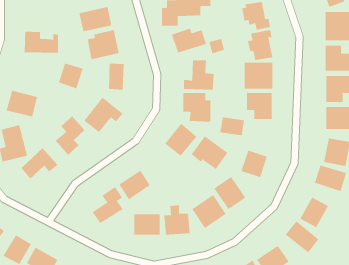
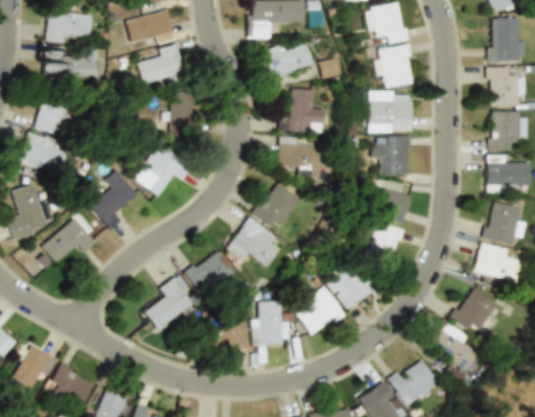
building: none -> [48,13,91,42]
building: [58,63,83,89] -> [31,99,69,137]
building: [220,117,245,136] -> [374,189,411,216]
building: [191,135,228,170] -> [228,218,284,268]

